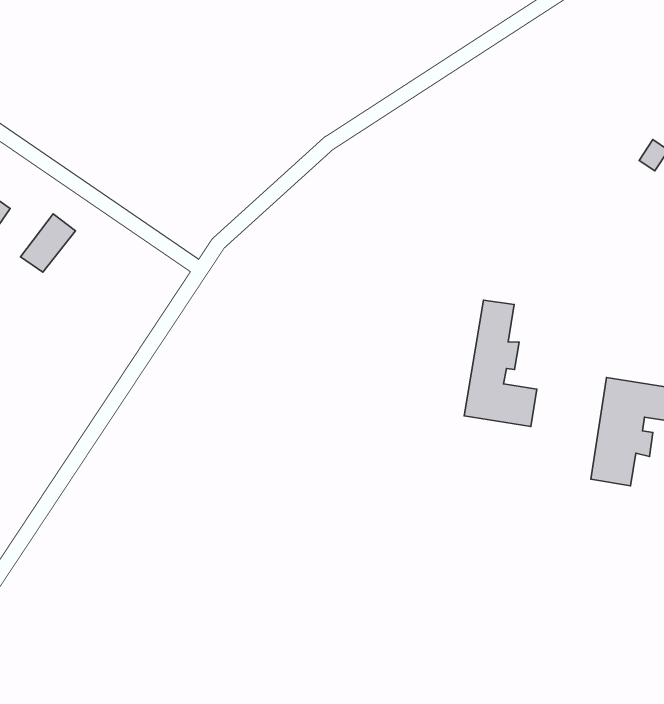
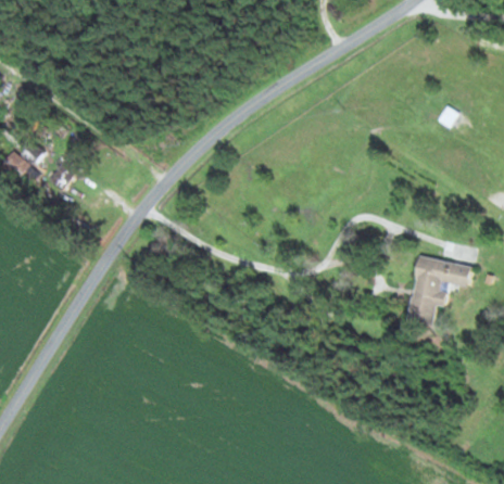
building: [464,300,537,427] -> none

